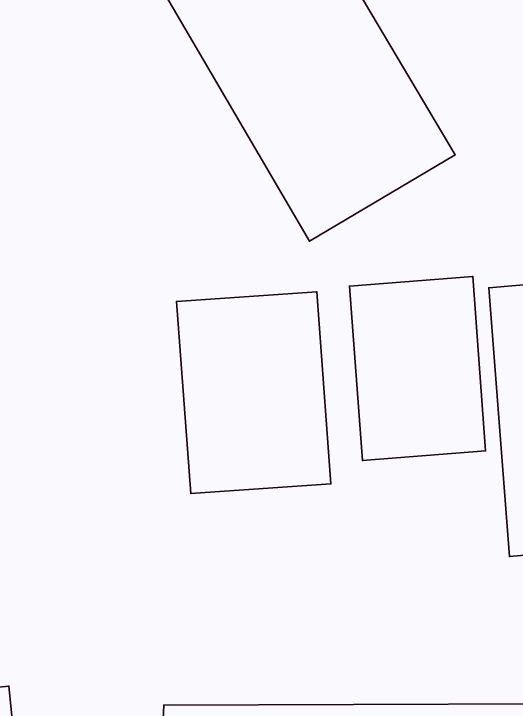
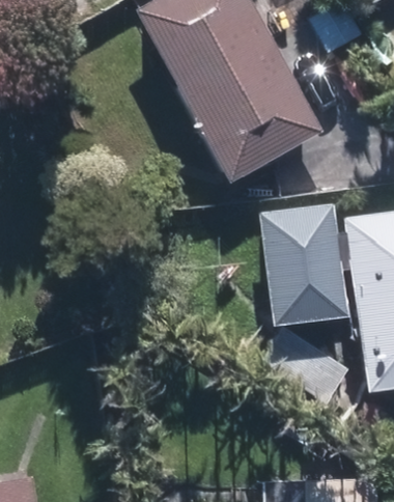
building: [177,292,331,493] -> none

